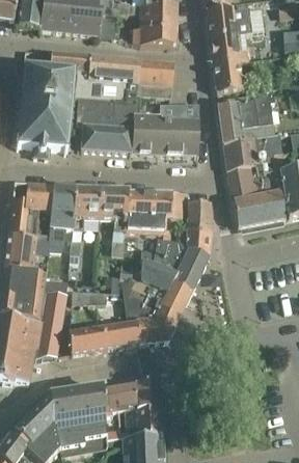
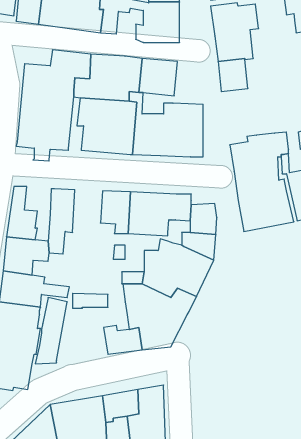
building: [217,89,272,144] -> none
building: [25,185,51,225] -> none
building: [69,188,101,262] -> none
building: [67,322,106,353] -> none

